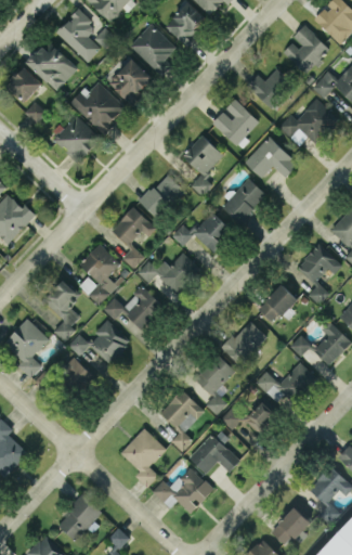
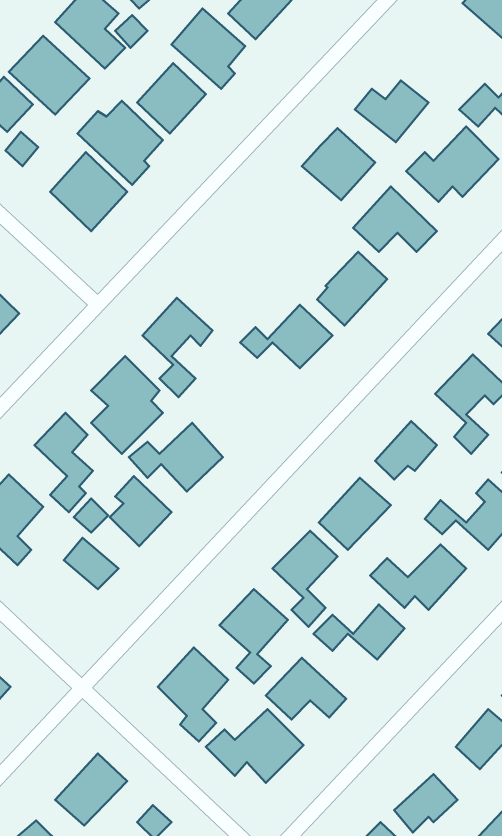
building: [283,26,329,75] -> none
building: [182,135,223,196] -> none
building: [140,173,185,220] -> none
building: [138,253,200,295] -> none

